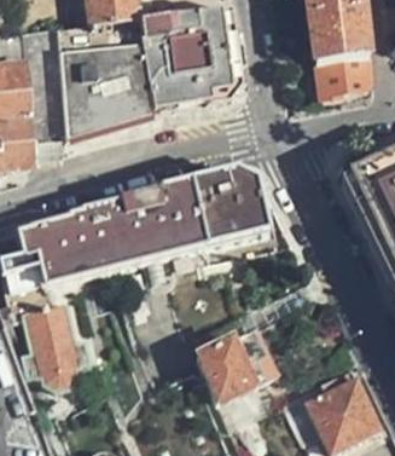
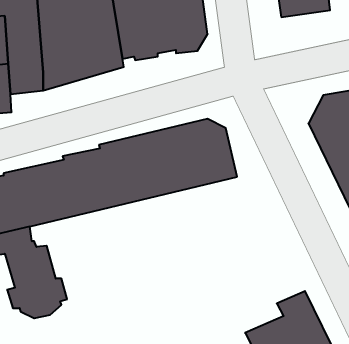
building: [319,56,373,97] -> none
building: [199,328,279,400] -> none

